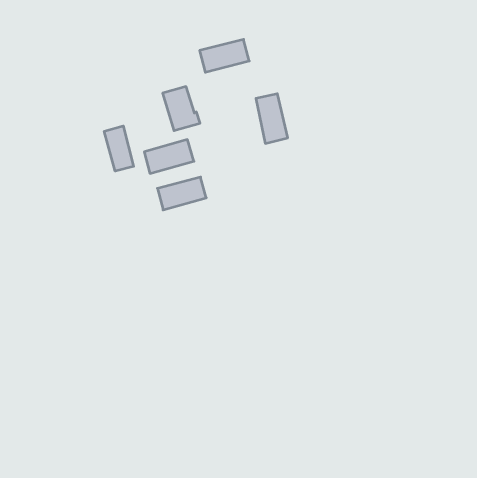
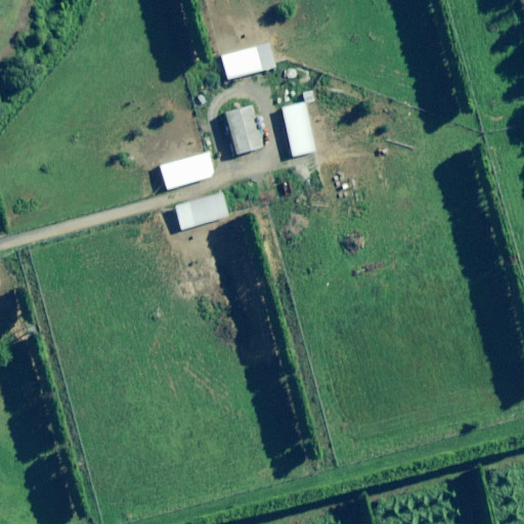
building: [163,87,200,131] -> [223,105,264,154]
building: [104,126,134,171] -> none

